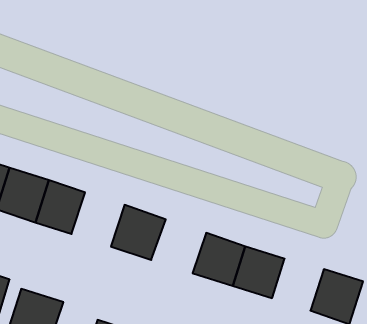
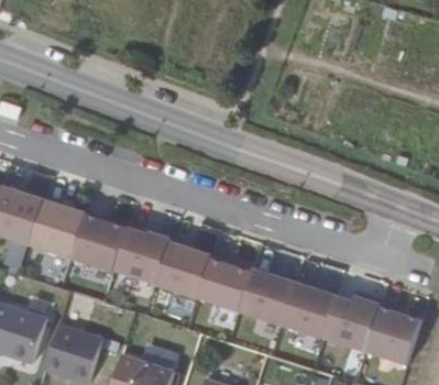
building: none -> [111,226,167,283]
building: none -> [196,254,254,311]
building: none -> [325,296,381,351]

